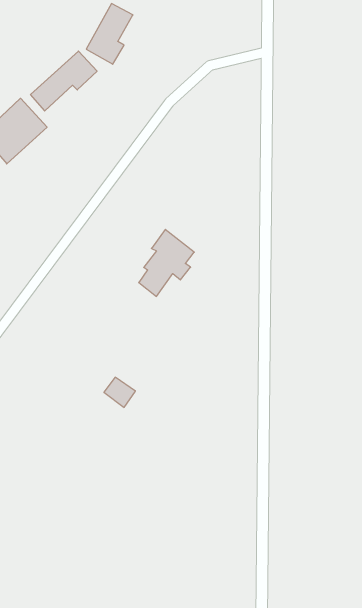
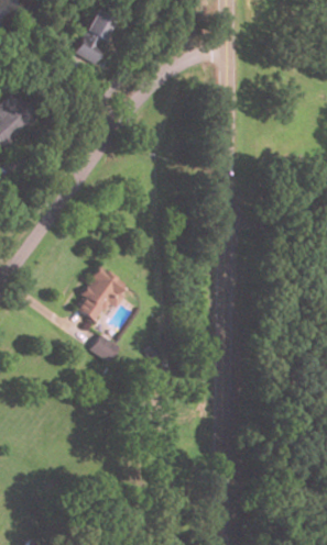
building: [31,51,97,111] -> none
building: [139,229,194,296] -> [78,263,127,321]

